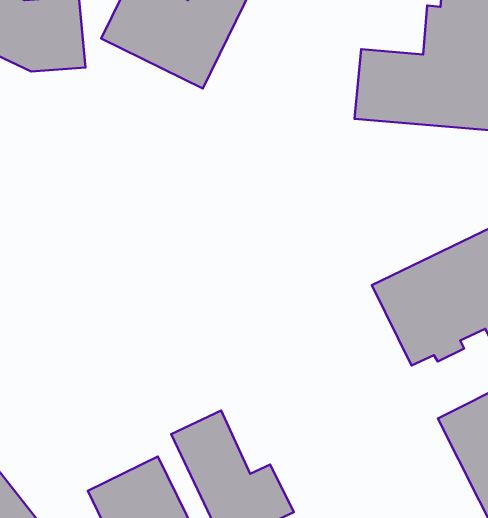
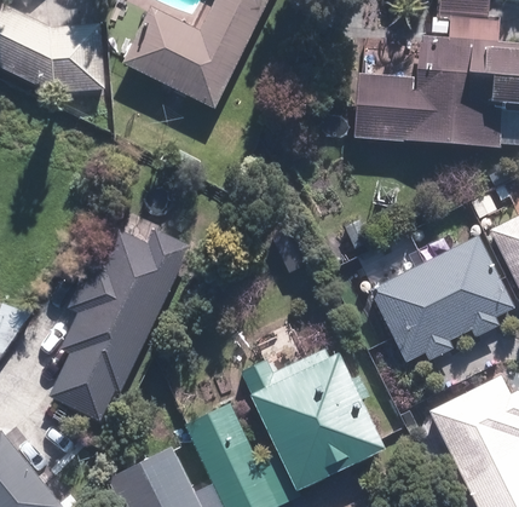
building: none -> [48,227,192,420]
building: none -> [242,347,386,490]

